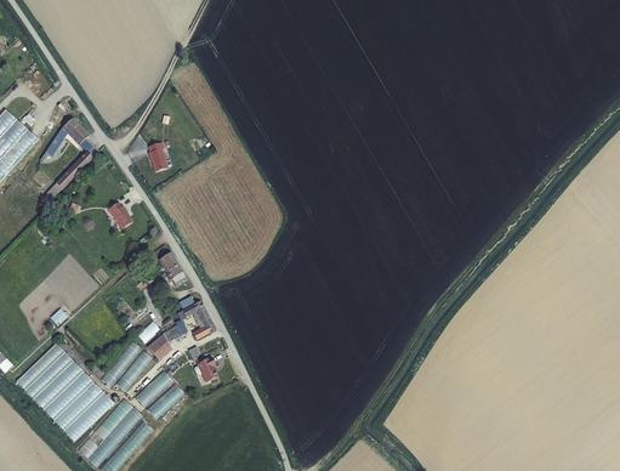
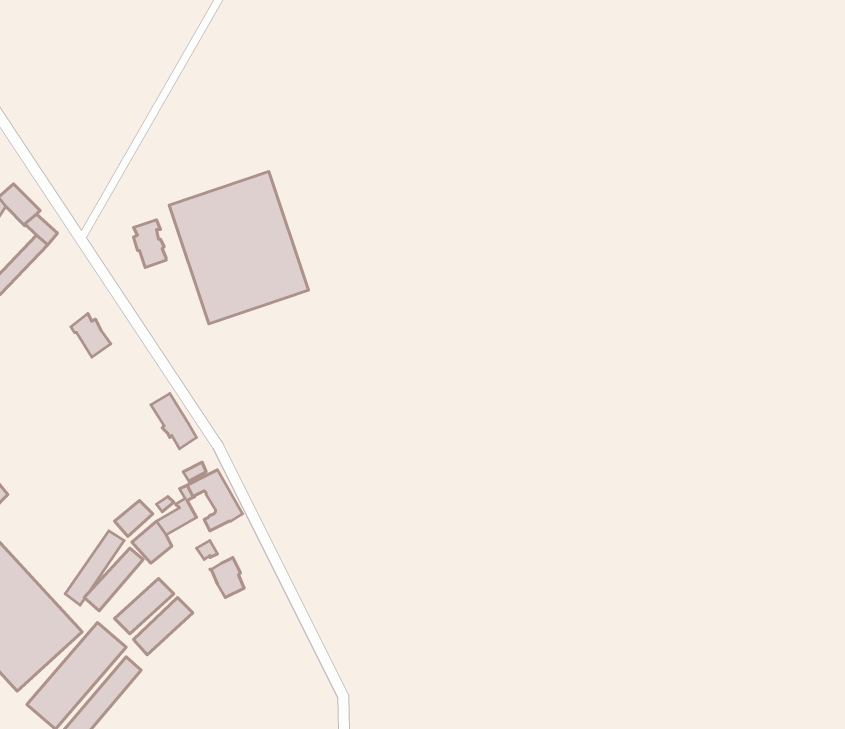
building: none -> [169,171,309,324]

